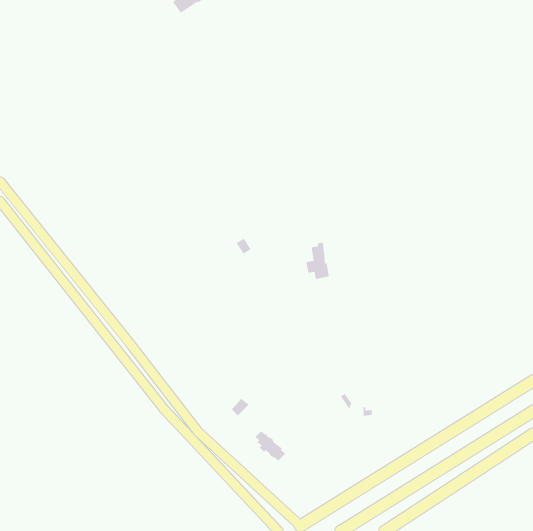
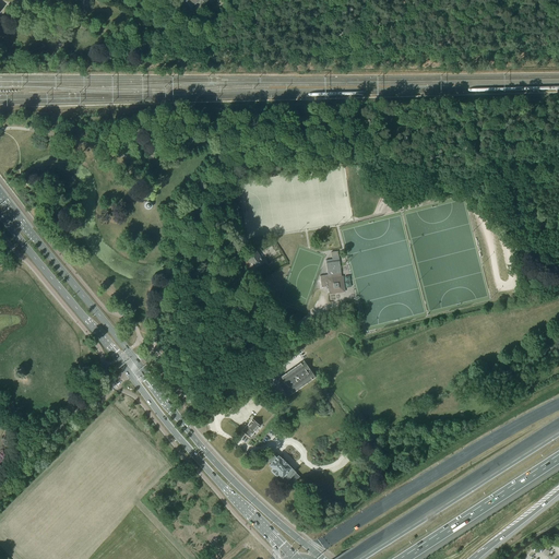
building: none -> [277,358,316,394]

